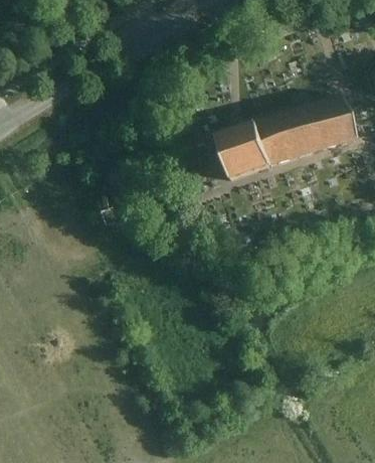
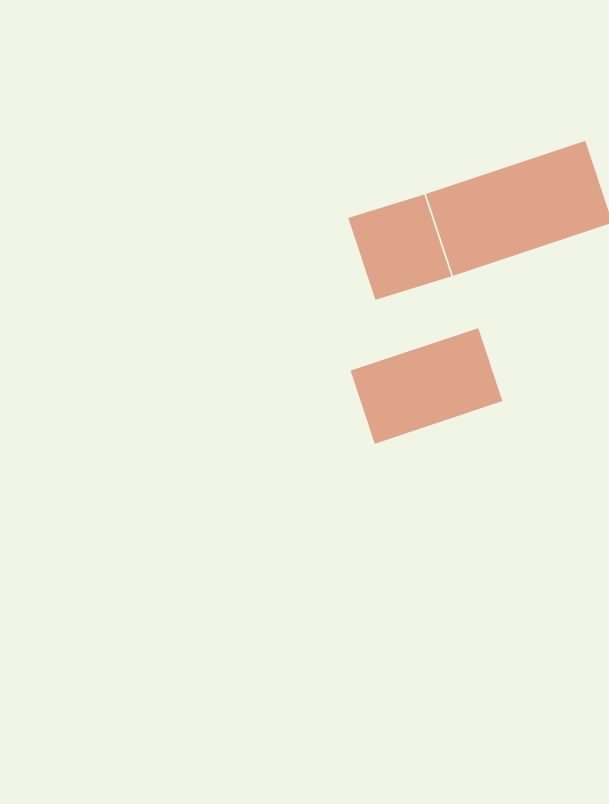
building: none -> [349,327,504,445]

